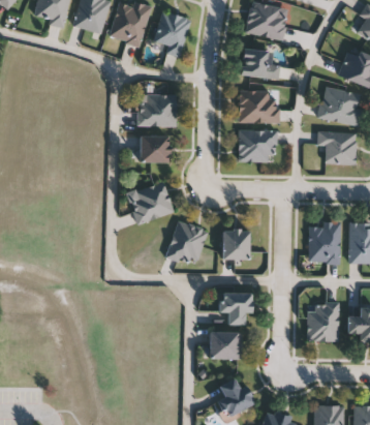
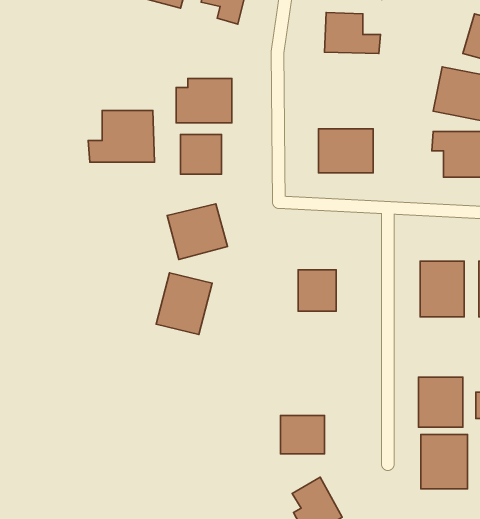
building: [239,91,279,123] -> none
building: none -> [88,110,154,162]
building: [166,221,206,265] -> [156,273,212,335]
building: [218,293,252,325] -> none
building: none -> [421,434,467,489]

